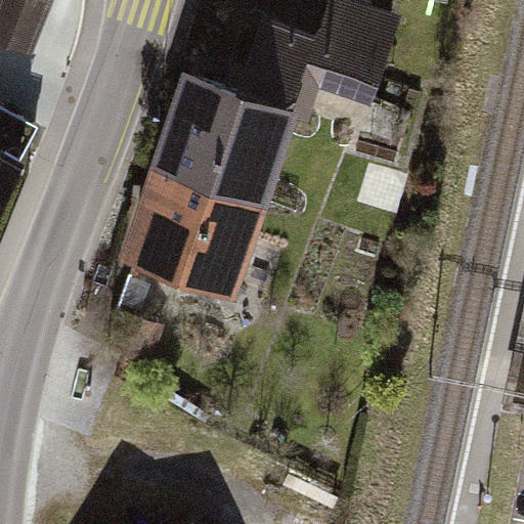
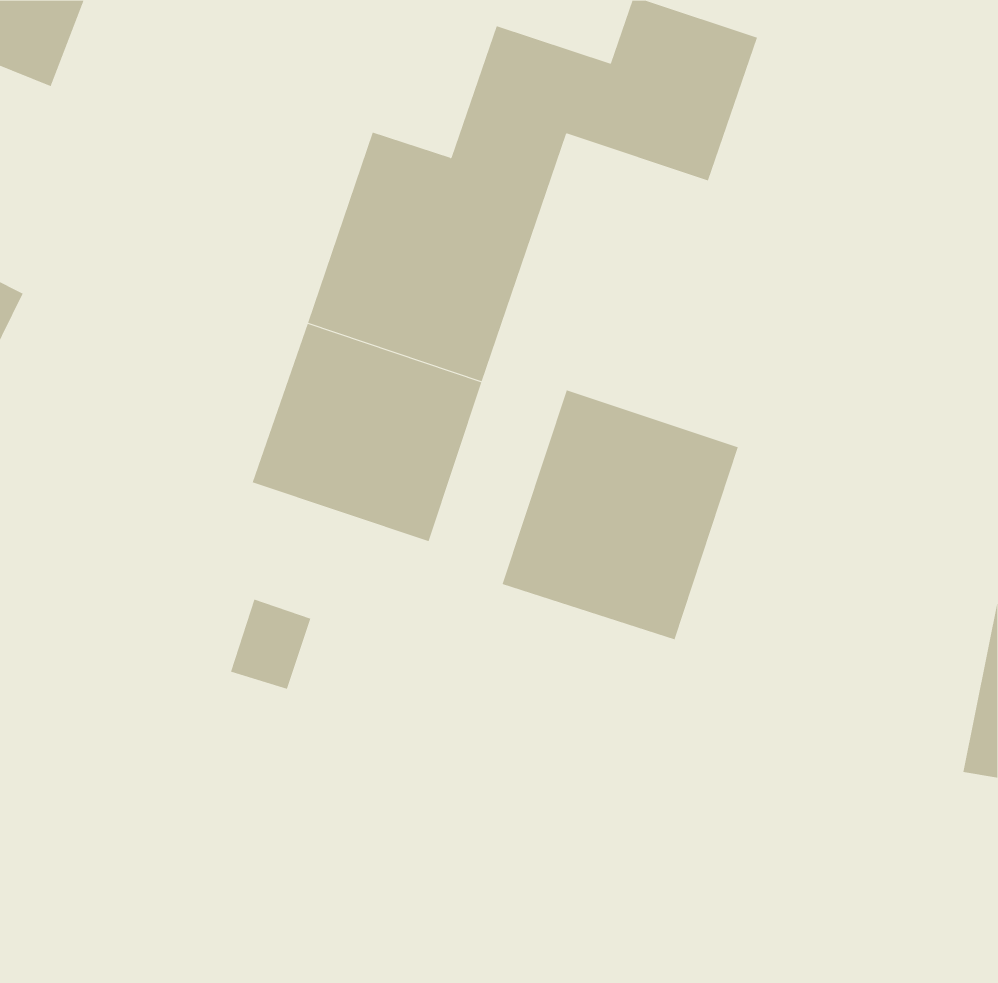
building: none -> [502,390,738,640]

